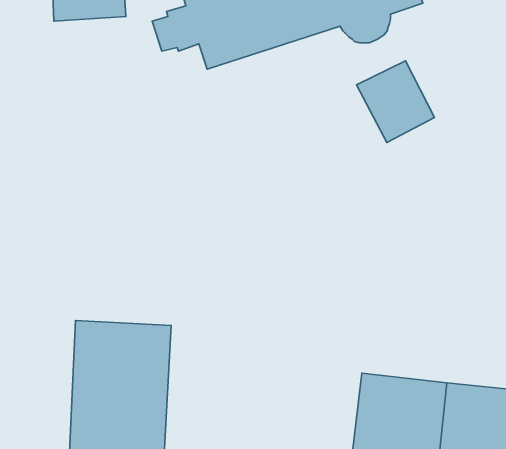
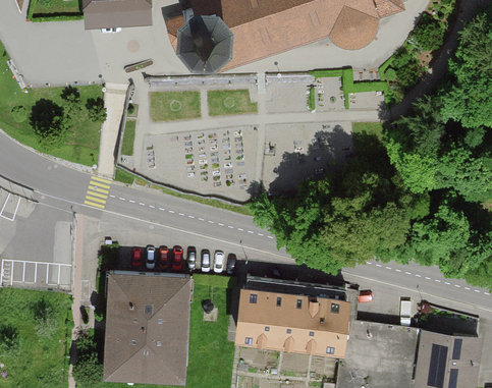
building: [356,61,434,143] -> none
building: none -> [239,281,350,355]

